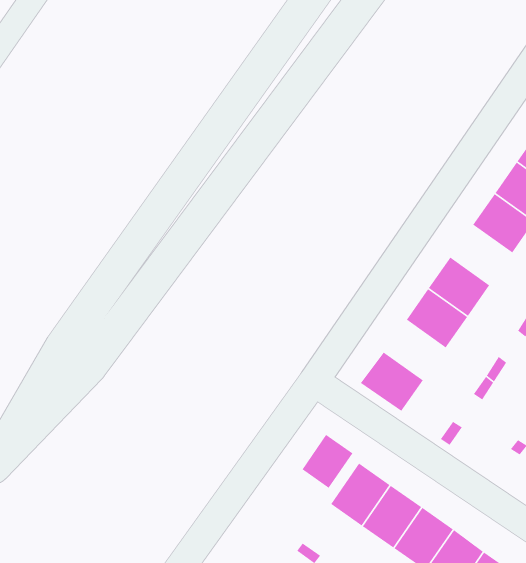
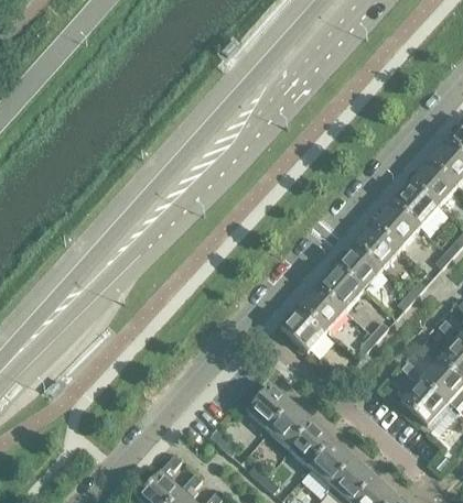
building: none -> [356,222,401,267]
building: none -> [300,285,345,330]
building: [301,434,353,489] -> none

